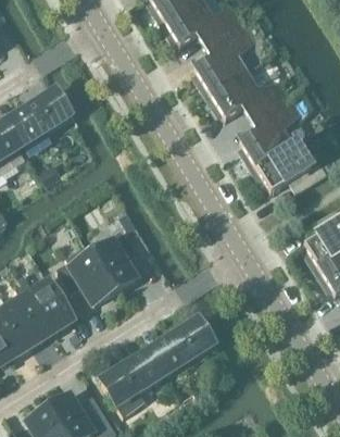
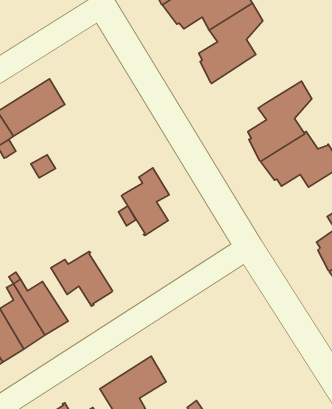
building: [206,68,290,118] -> none
building: [92,228,137,291] -> [121,168,169,236]
building: [150,321,213,374] -> none

